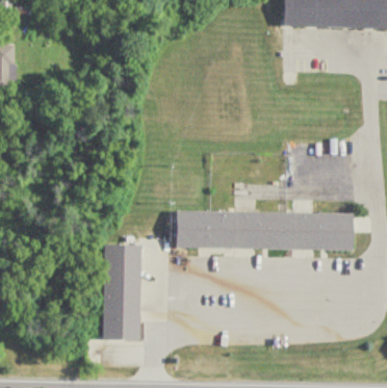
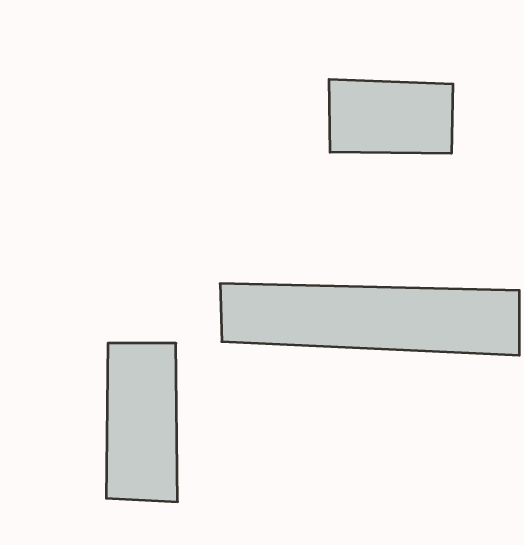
building: none -> [329,79,453,153]

